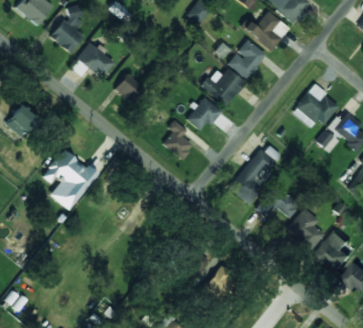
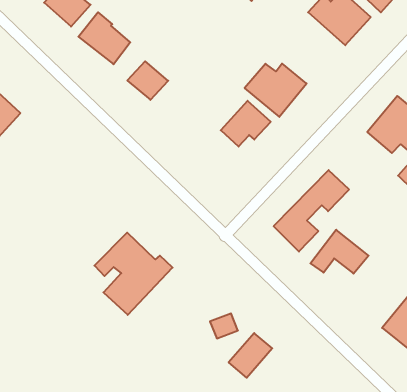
building: [227,39,266,79] -> none
building: [162,120,192,159] -> none
building: [41,150,98,210] -> [94,233,173,315]
building: [286,209,324,251] -> none

